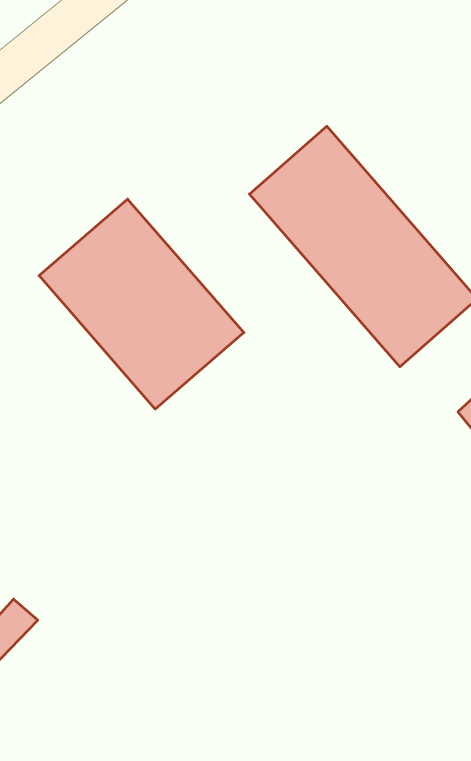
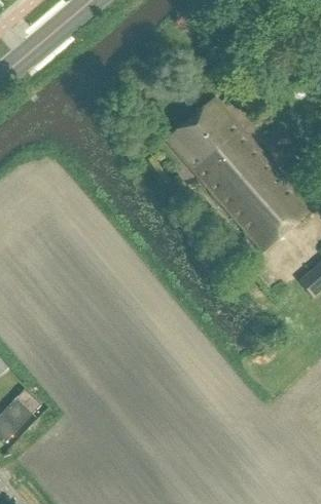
building: [39,199,244,409] -> none

